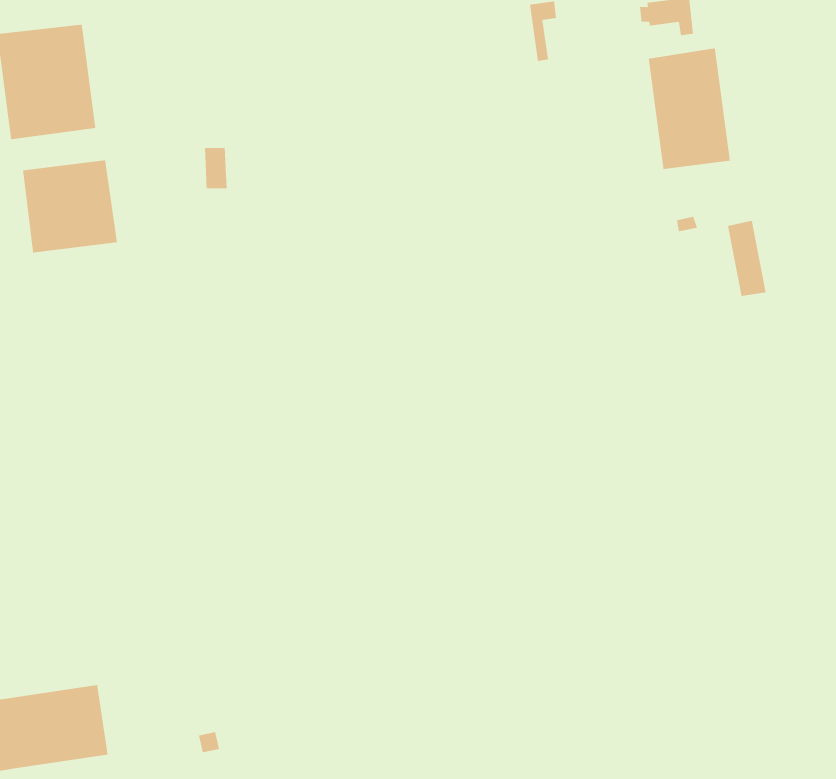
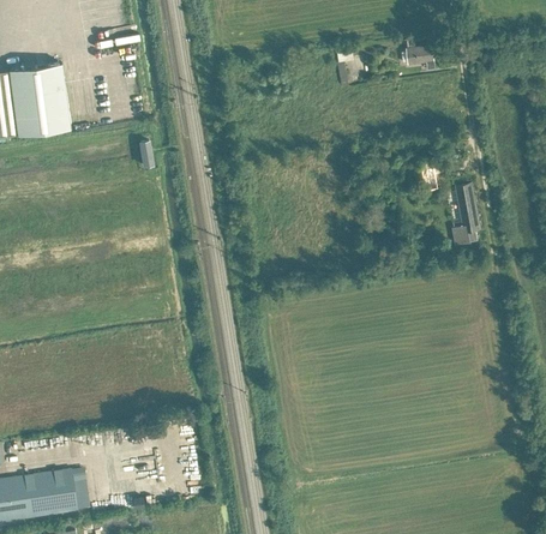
building: [648,48,731,170] -> none
building: [22,159,117,254] -> none

